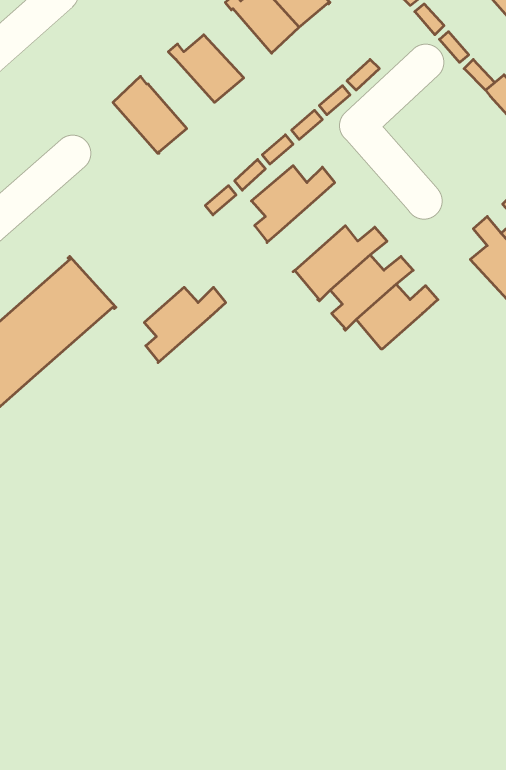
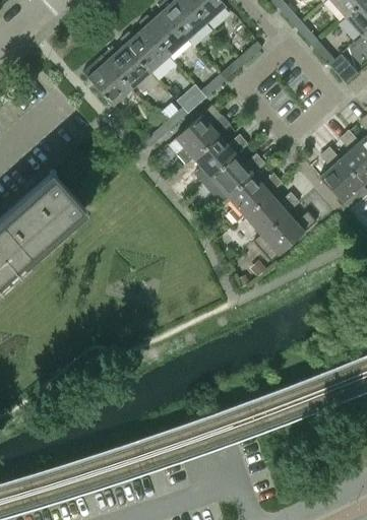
building: none -> [140,11,189,57]
building: none -> [103,45,151,90]
building: [144,287,226,363] -> [194,135,248,185]
building: none -> [254,212,317,262]

